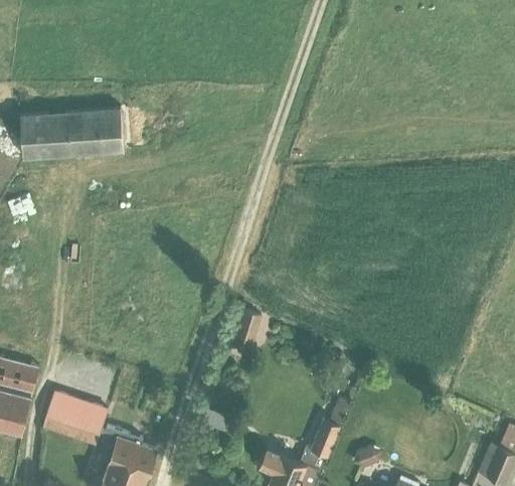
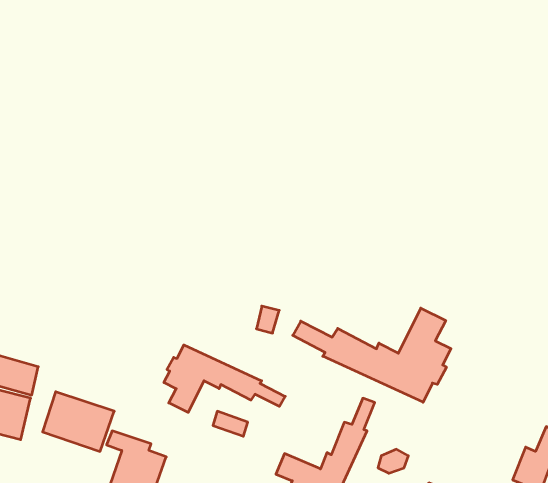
building: [20,109,124,160] -> none
building: none -> [293,308,451,402]
building: none -> [164,345,285,412]

